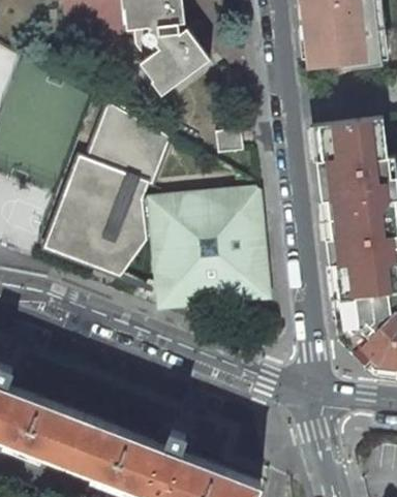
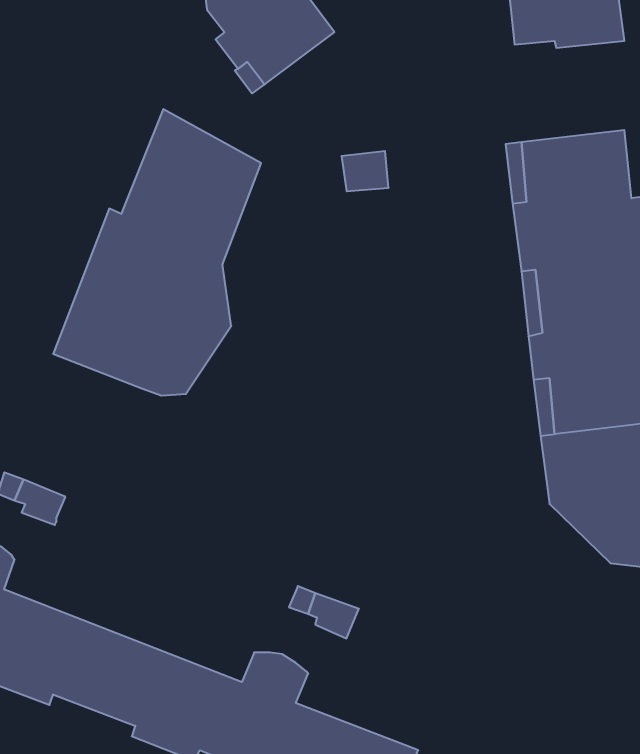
building: [145,185,270,309] -> none

